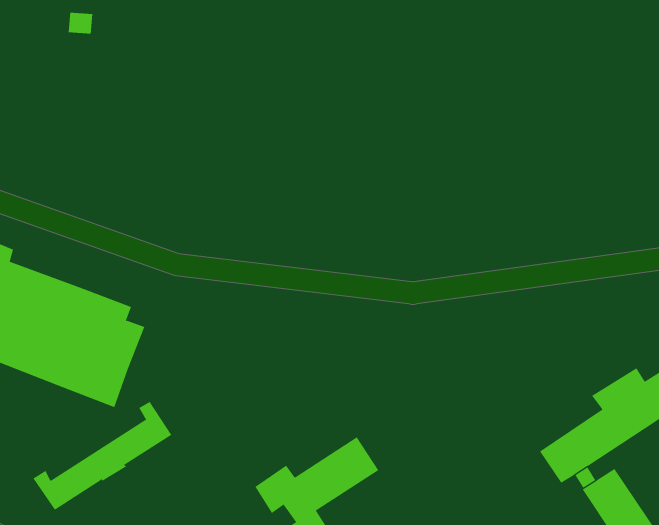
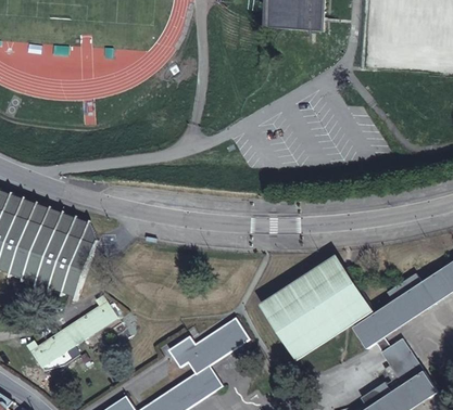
building: none -> [261,258,367,357]

